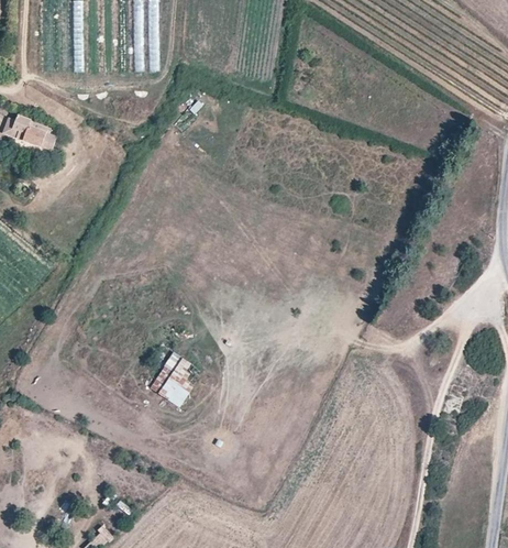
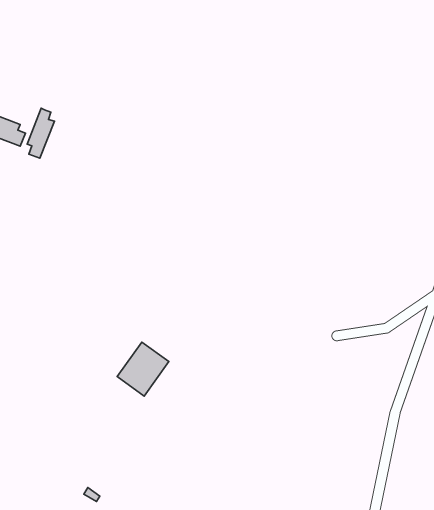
building: none -> [27,108,54,158]

